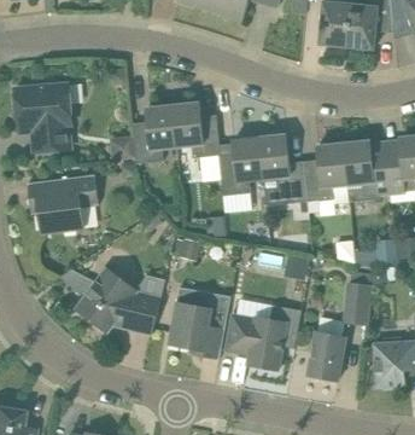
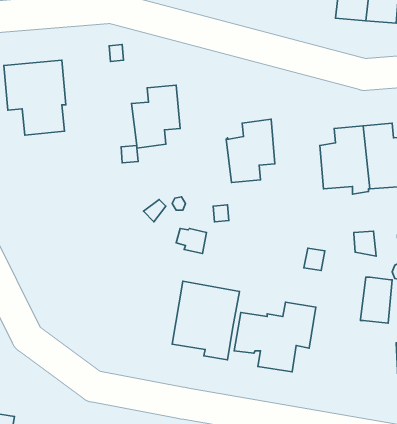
building: [173,104,221,158] -> none
building: [259,135,308,203] -> none
building: [28,174,98,234] -> none
building: [57,268,165,334] -> none
building: [308,318,345,381] -> none

